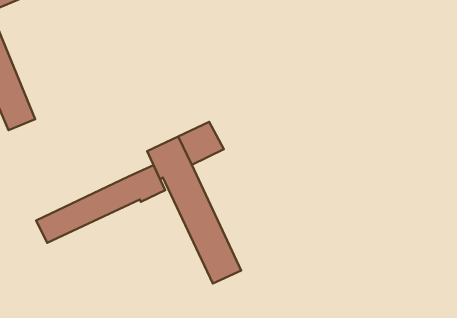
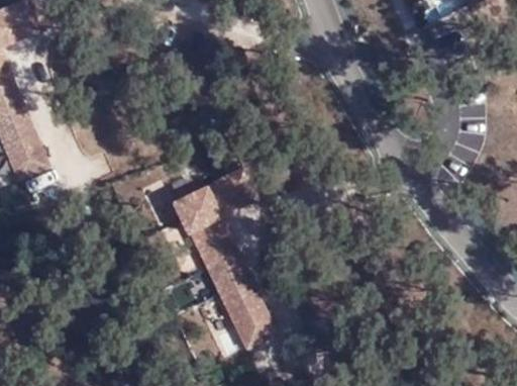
building: [36,165,165,243] -> none

